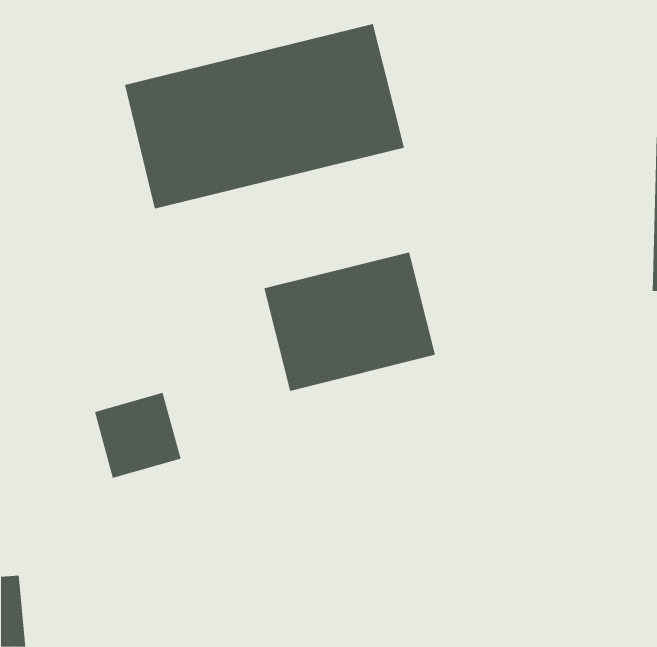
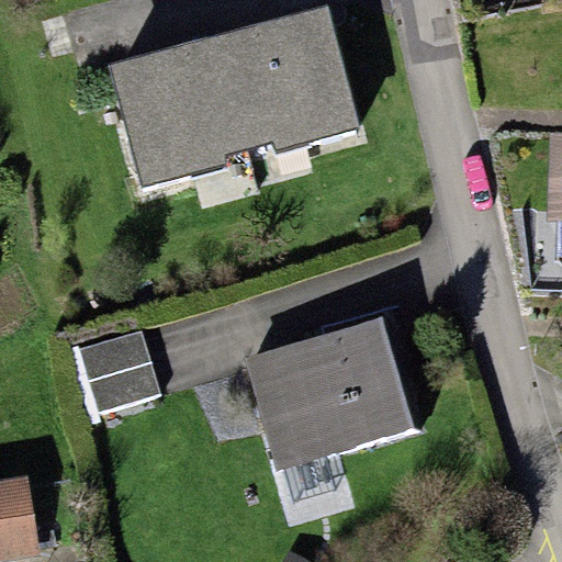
building: [263,252,436,392] -> [260,329,405,447]

